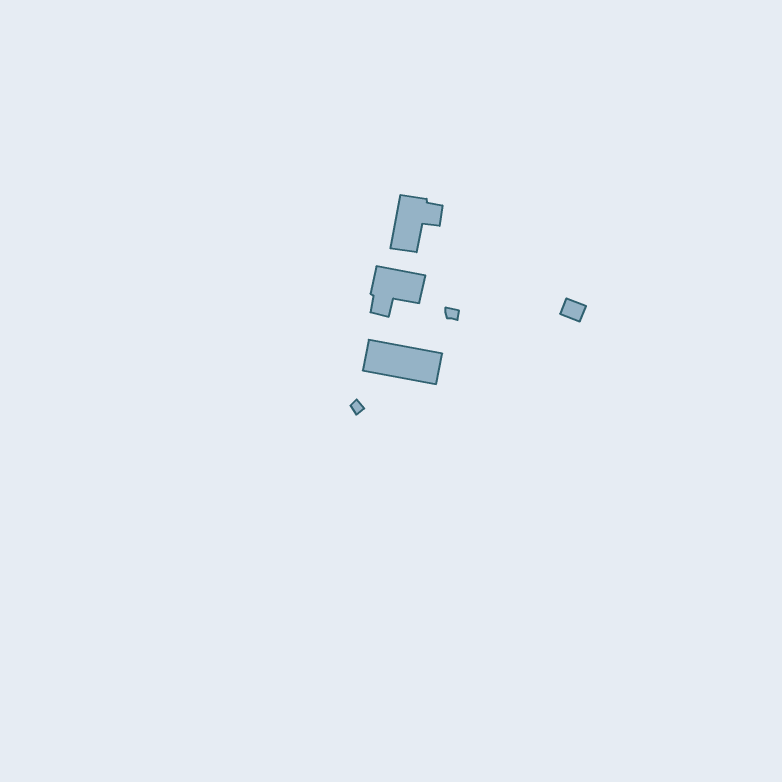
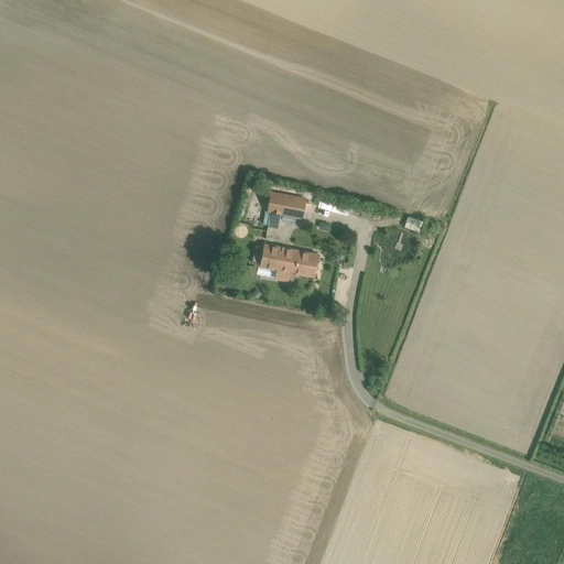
building: [390,195,442,252] -> none

